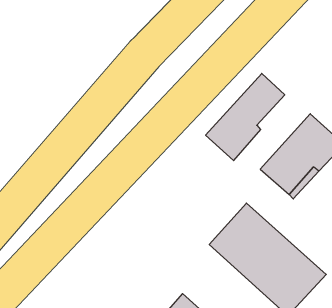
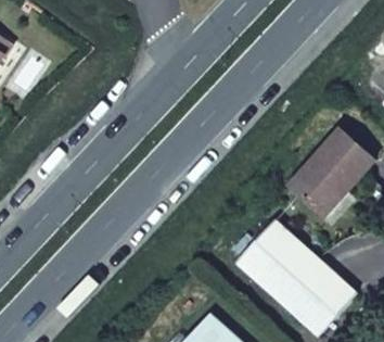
building: [206,73,285,161] -> none

